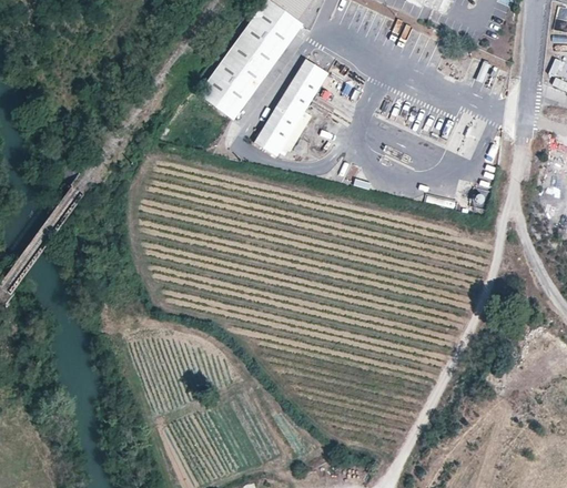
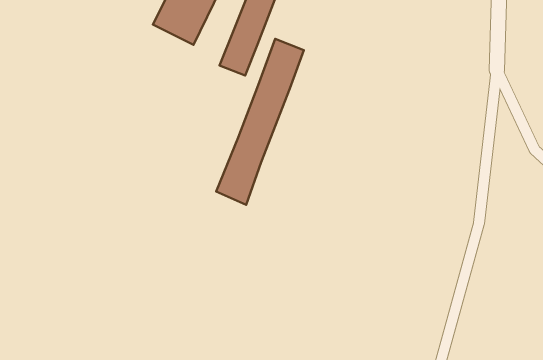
building: none -> [216,39,304,205]

